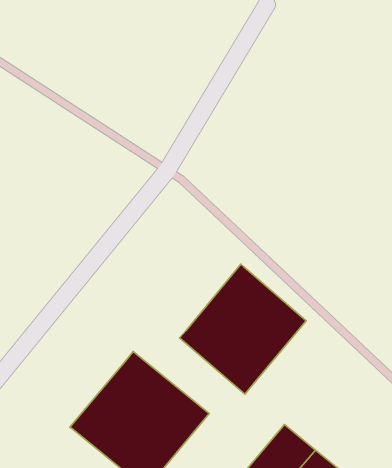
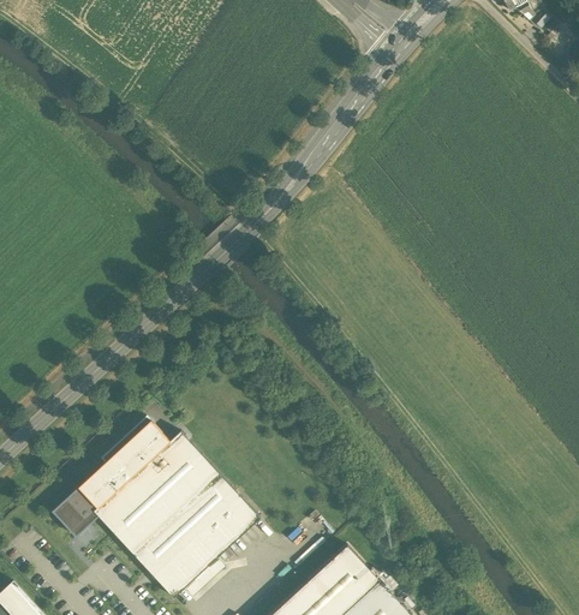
building: [180,264,306,394] -> none
building: none -> [53,416,172,537]

